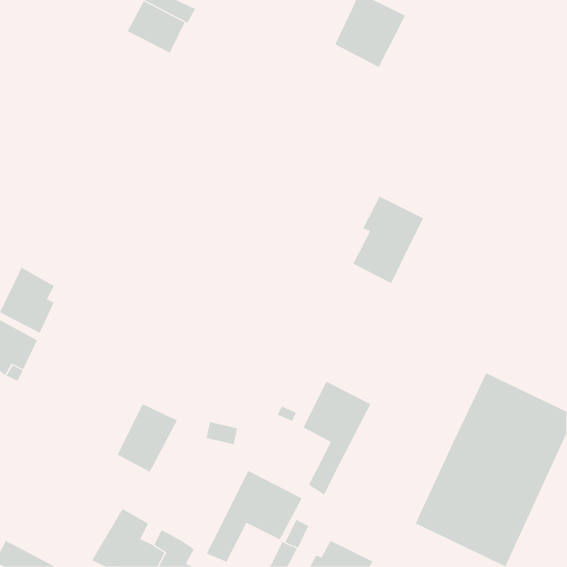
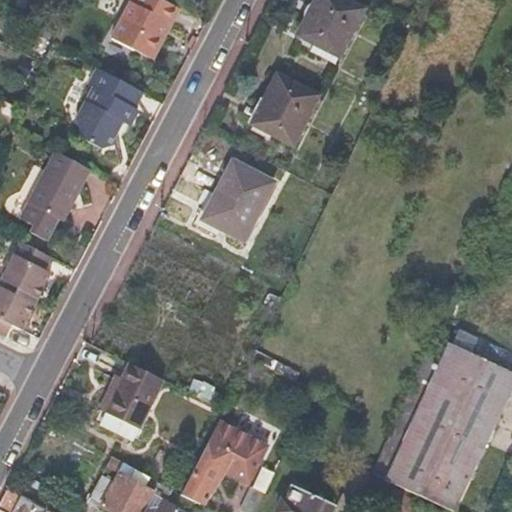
building: none -> [73,70,143,150]
building: none -> [263,78,320,147]
building: none -> [20,151,89,240]
building: [353,196,424,284] -> [212,164,276,243]
building: [303,381,371,495] -> none

